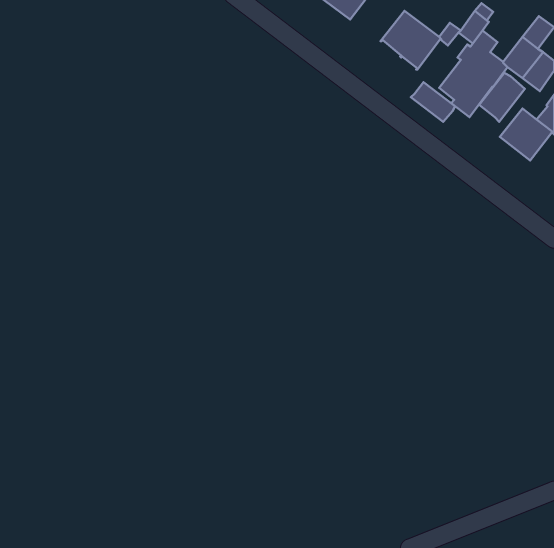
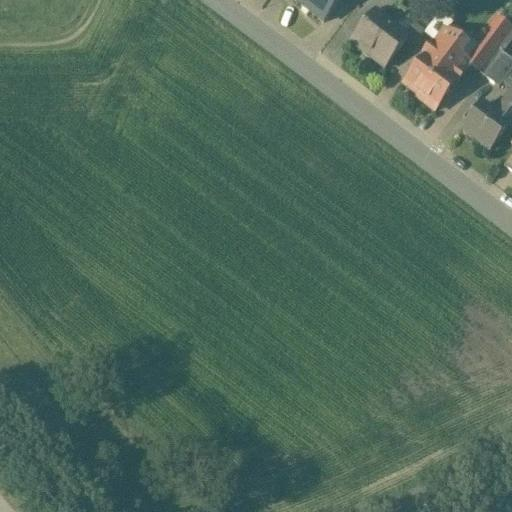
building: [479,73,525,122] -> none
building: [411,82,455,122] -> none

